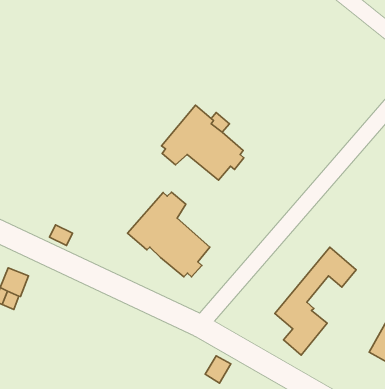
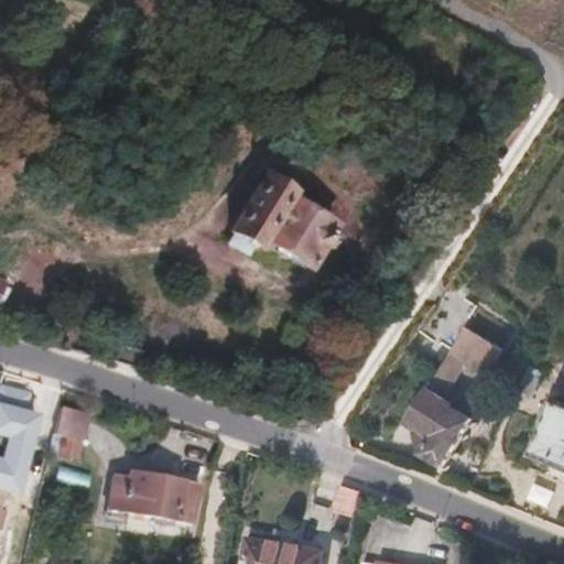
building: [127,192,210,277] -> none
building: none -> [108,473,198,529]

